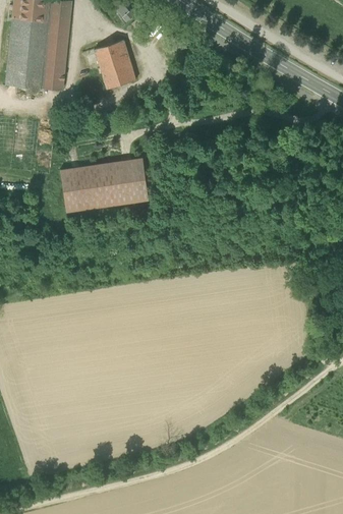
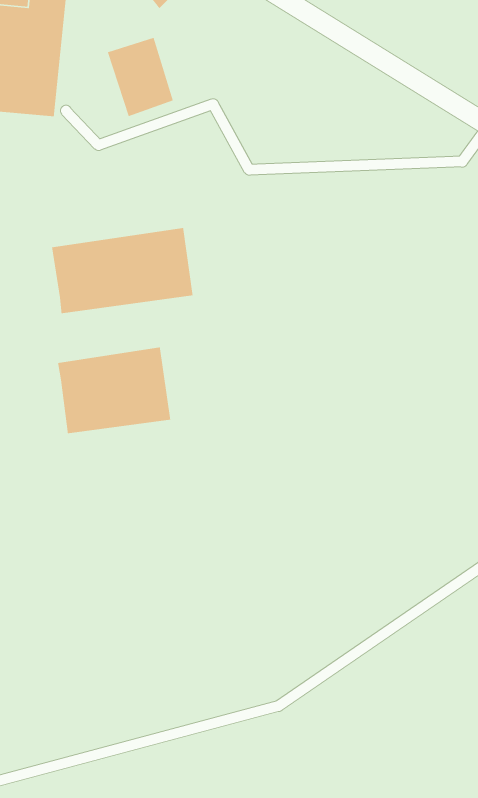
building: none -> [57,347,171,434]

